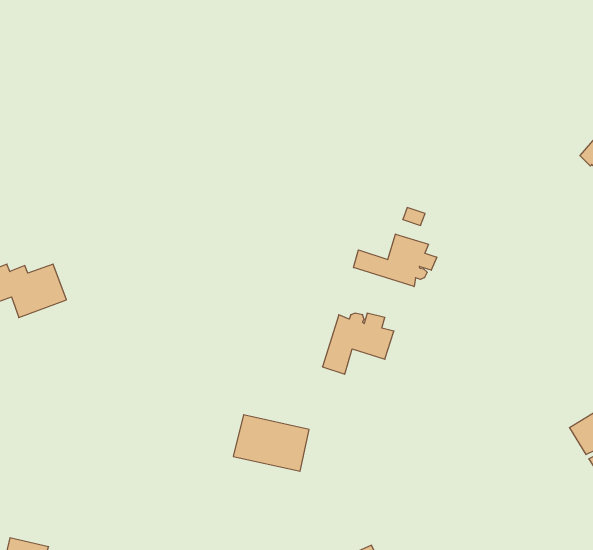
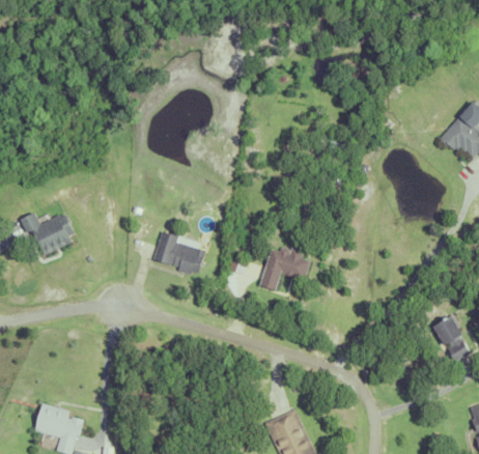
building: [354,234,437,287] -> none
building: [233,415,309,471] -> [158,234,210,274]

